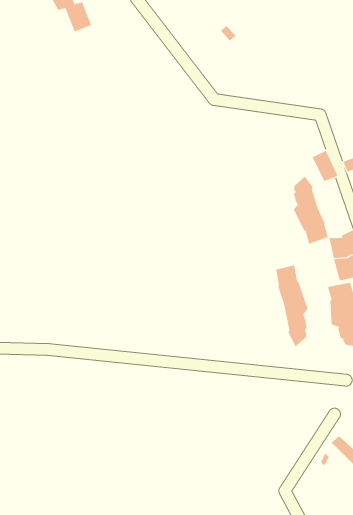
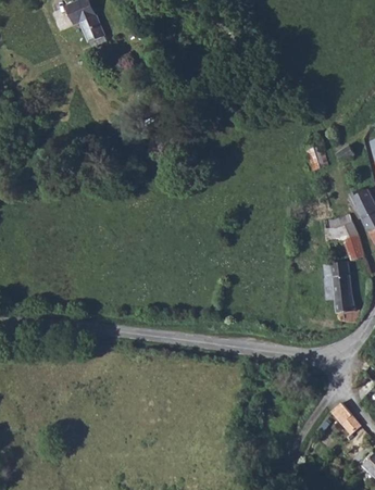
building: [293,176,328,244] -> none
building: [276,265,308,347] -> none

